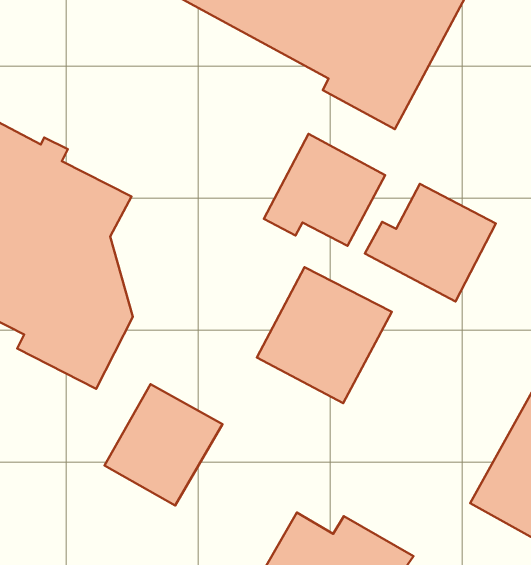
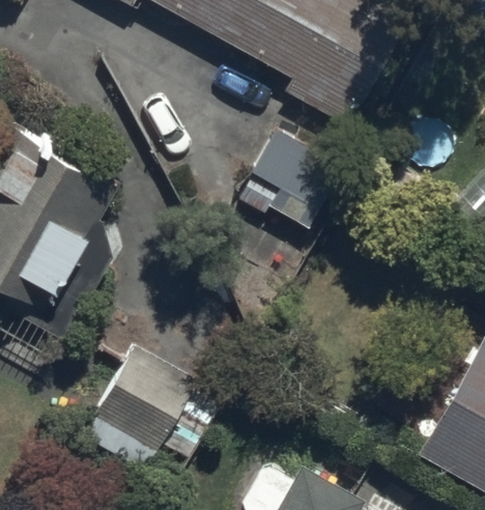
building: [365,184,496,301] -> none
building: [257,267,392,403] -> none

